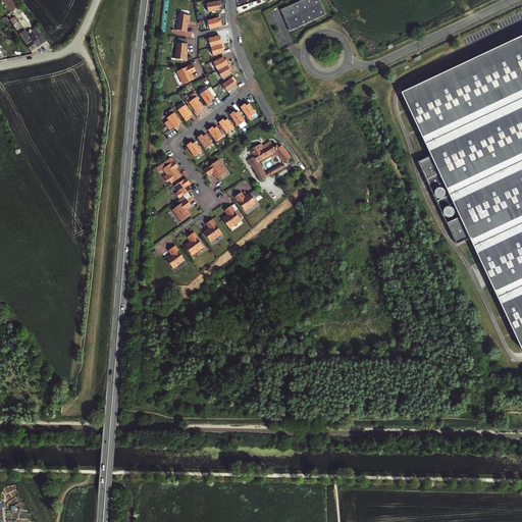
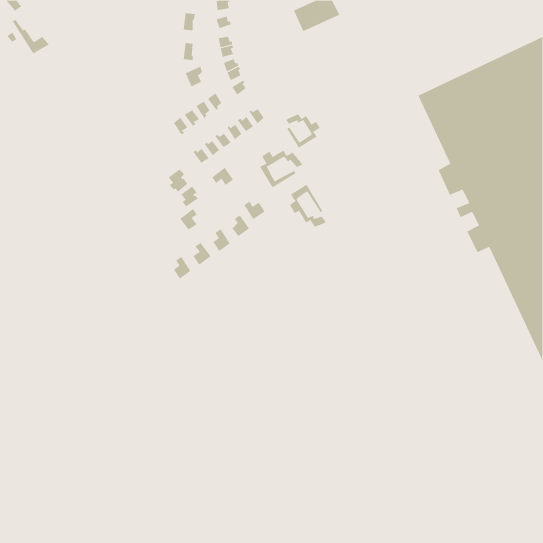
building: none -> [285,113,320,148]
building: none -> [289,184,326,227]

